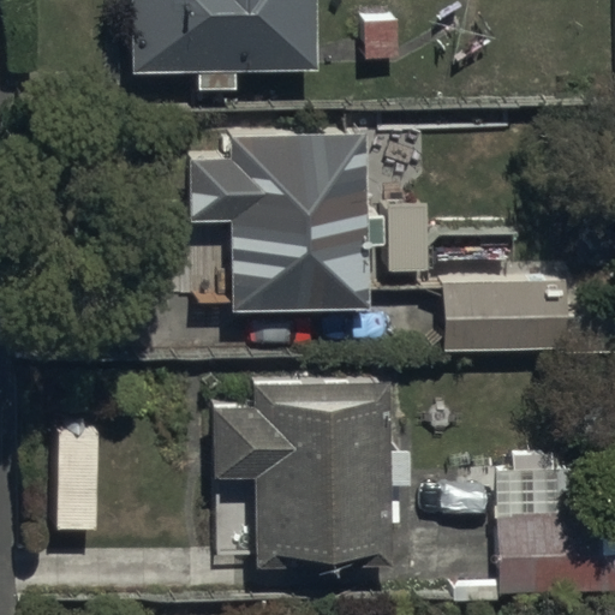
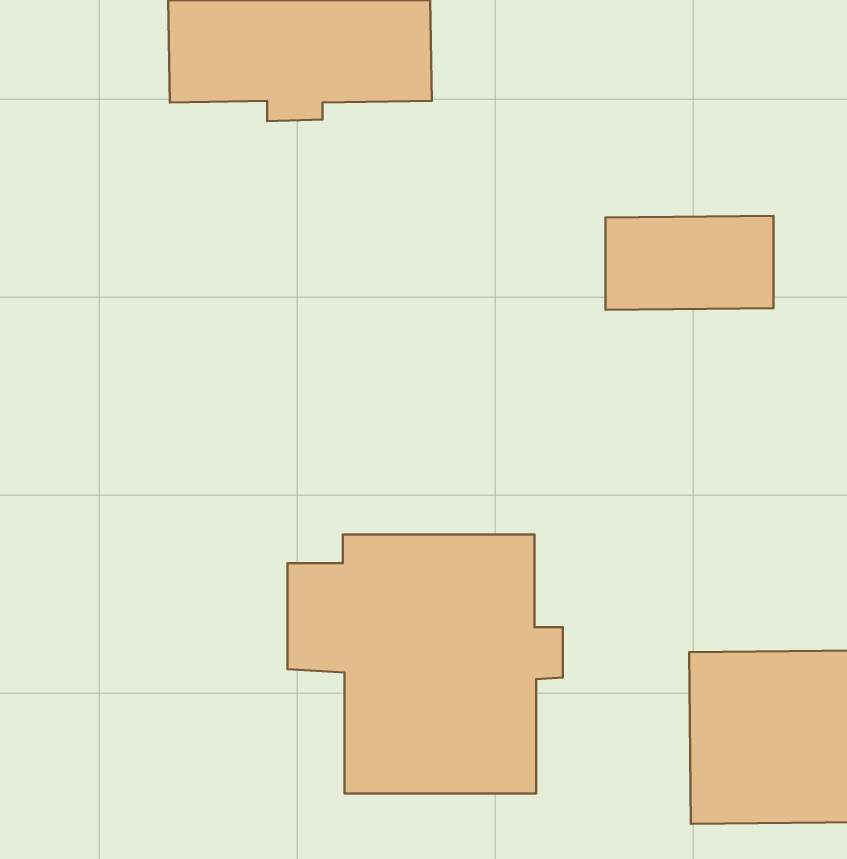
building: [183,130,387,310] -> none
building: [447,280,567,347] -> [606,216,774,310]

